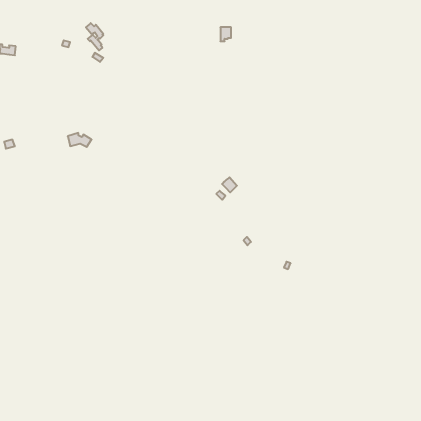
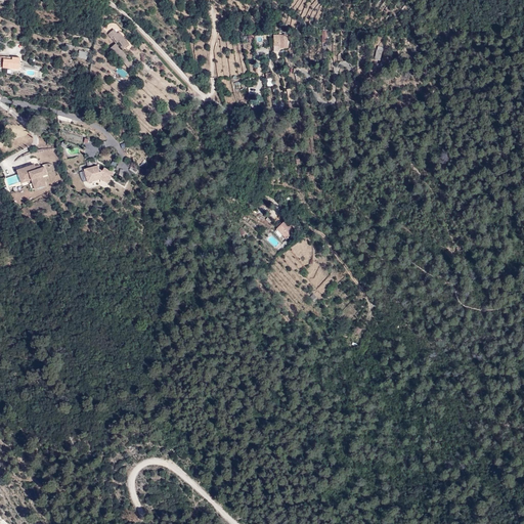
building: none -> [16,164,46,188]

